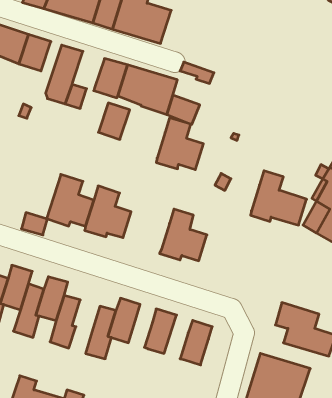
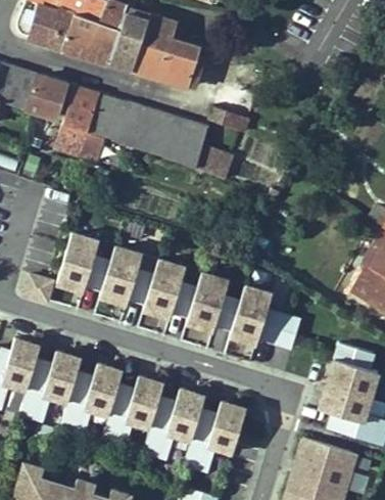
building: [98,103,130,139] -> [88,94,124,136]
building: [156,118,203,170] -> [144,262,198,321]
building: [251,171,307,225] -> [231,288,295,351]
building: none -> [327,344,377,396]
building: none -> [87,365,124,416]
building: none -> [144,399,179,460]
building: none -> [185,412,220,472]

